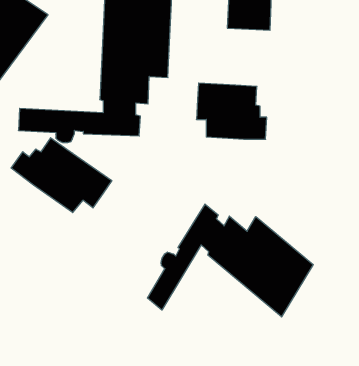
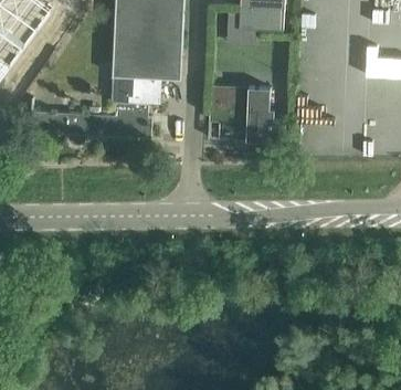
building: [11,138,112,213] -> none
building: [147,204,313,317] -> none

